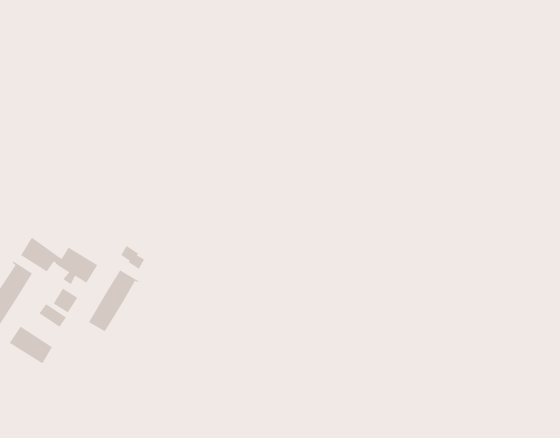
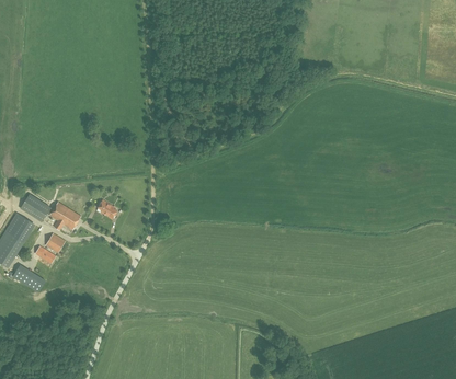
building: [88,269,139,332] -> none

